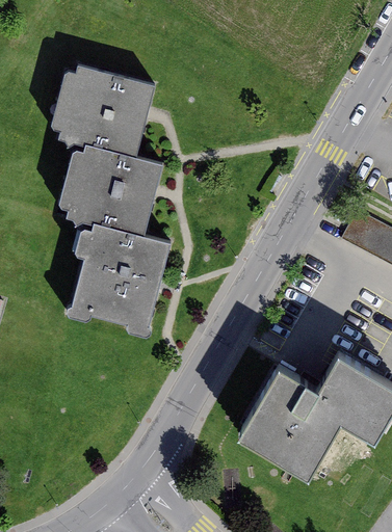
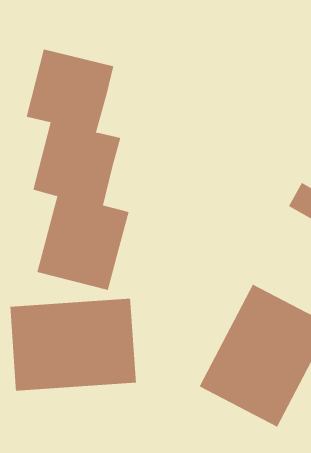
building: none -> [10,298,137,391]

